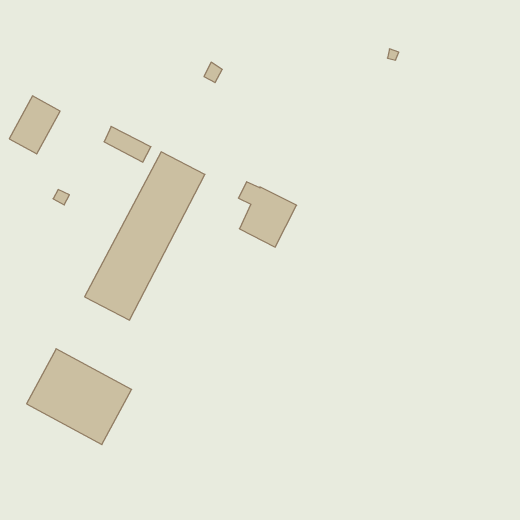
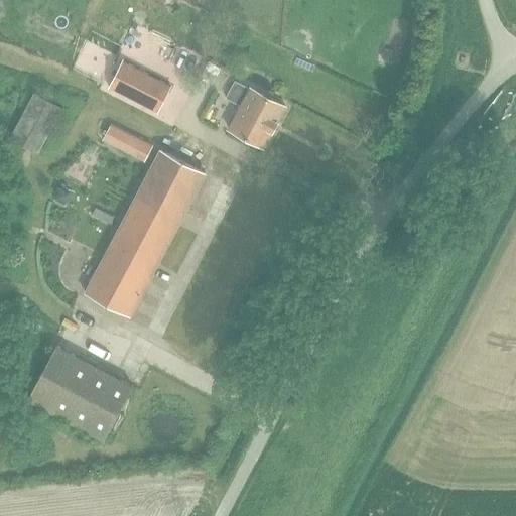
building: none -> [109,62,170,113]
building: [238,182,297,247] -> [227,82,284,146]

